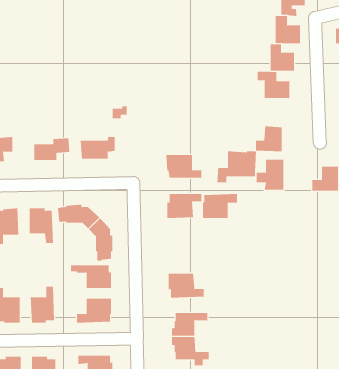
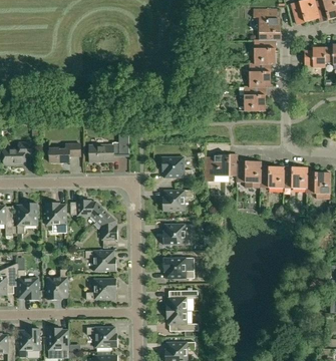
building: [255,126,282,152] -> [261,166,284,189]
building: [202,194,238,219] -> [162,224,193,245]

